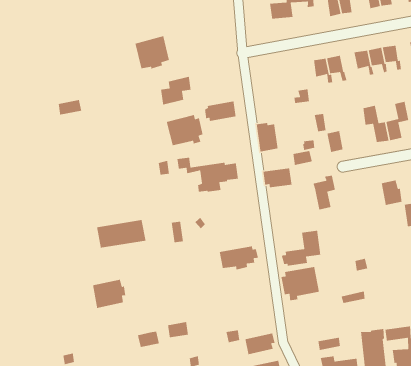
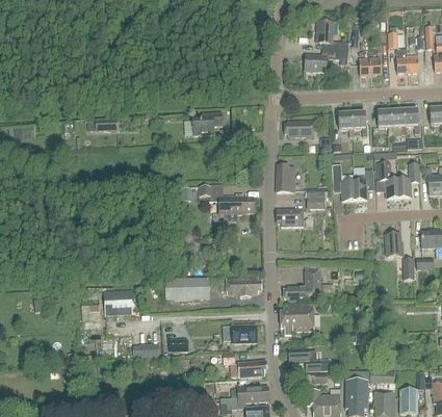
building: [135,35,170,70] -> none
building: [204,100,237,122] -> [284,119,313,135]
building: [166,114,204,146] -> none
building: [312,175,336,210] -> [353,168,373,200]
building: [96,219,146,249] -> [164,277,209,298]
building: none -> [223,323,256,341]
building: none -> [288,347,336,369]

